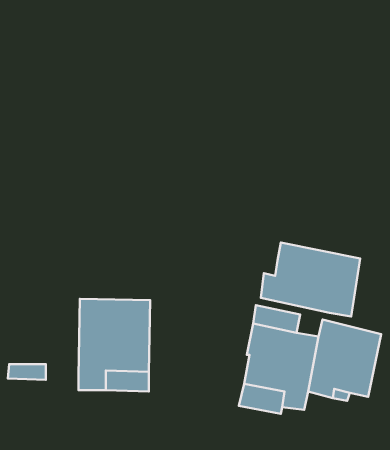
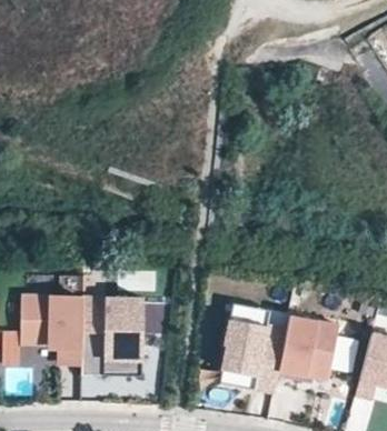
building: [261,243,360,317] -> none
building: none -> [20,295,82,362]

